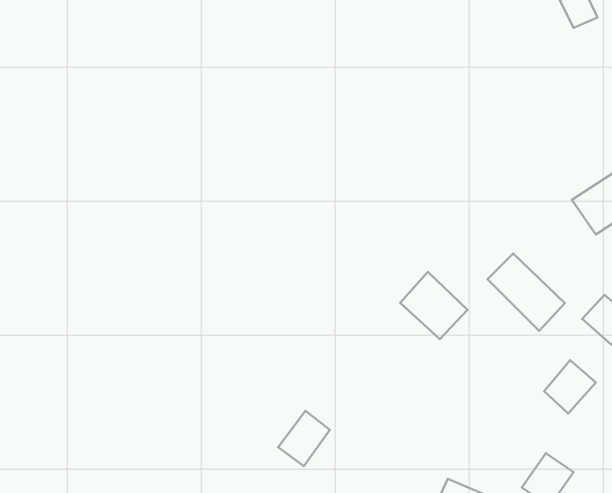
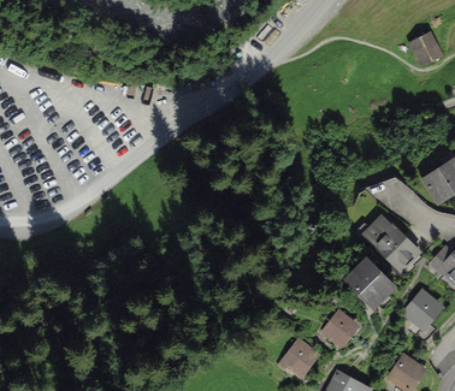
building: [400,272,467,339] -> [344,259,391,306]
building: none -> [320,309,355,346]
building: [278,411,330,466] -> [278,340,314,379]

